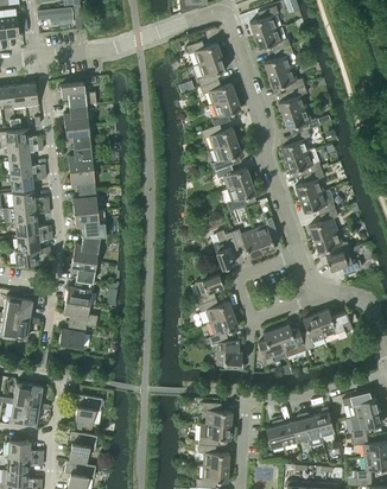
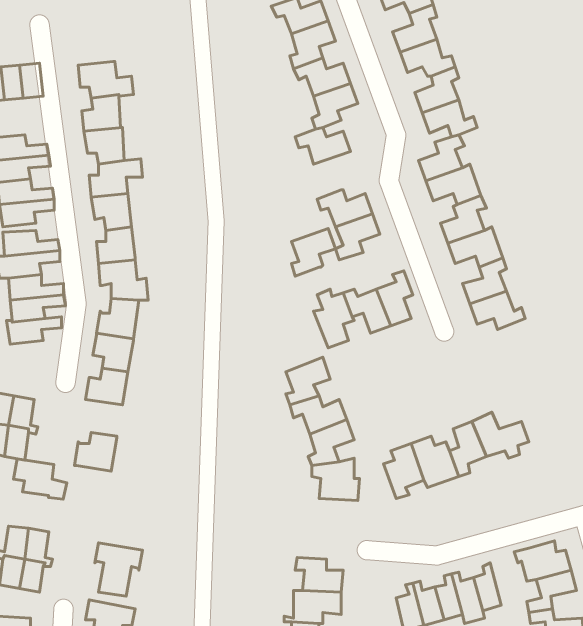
building: [212,141,241,172] -> [292,229,336,276]
building: [325,249,362,275] -> none
building: [63,301,97,328] -> [13,459,67,499]

